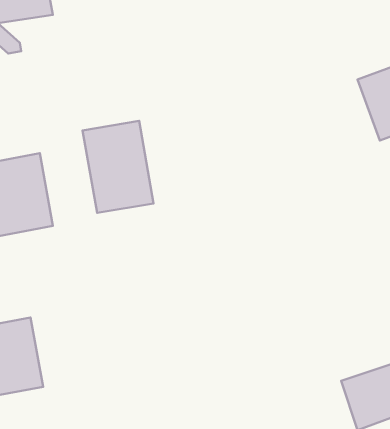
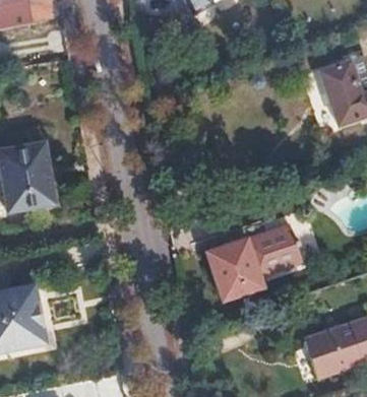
building: [82,121,154,213] -> none
building: none -> [209,229,304,302]

